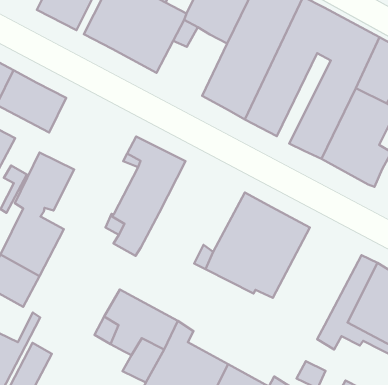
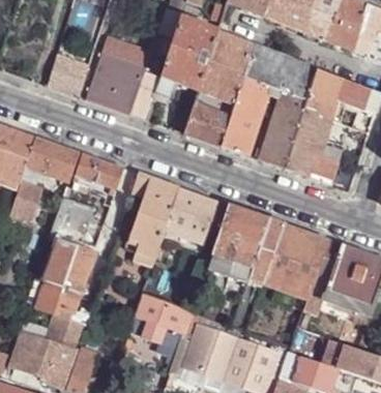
building: none -> [75,152,124,194]
building: none -> [166,186,221,243]
building: none -> [264,223,328,298]

